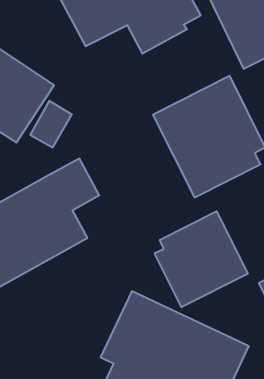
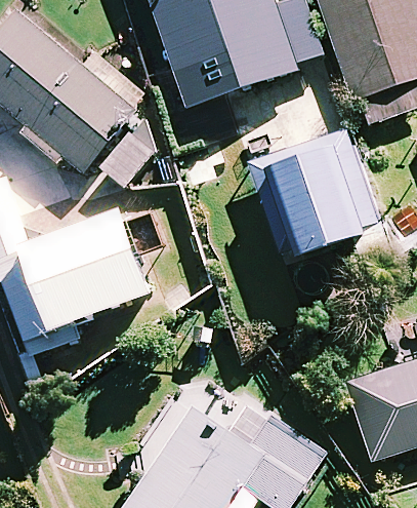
building: [155,211,248,307] -> none

